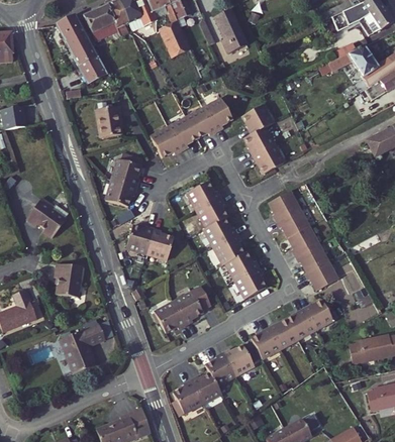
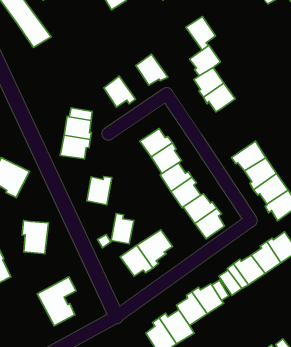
building: [207,97,236,131] -> [186,17,215,50]
building: [95,107,120,138] -> none
building: [172,116,201,150] -> none
building: [271,190,304,220] -> none
building: [145,228,171,260] -> [111,213,134,244]

